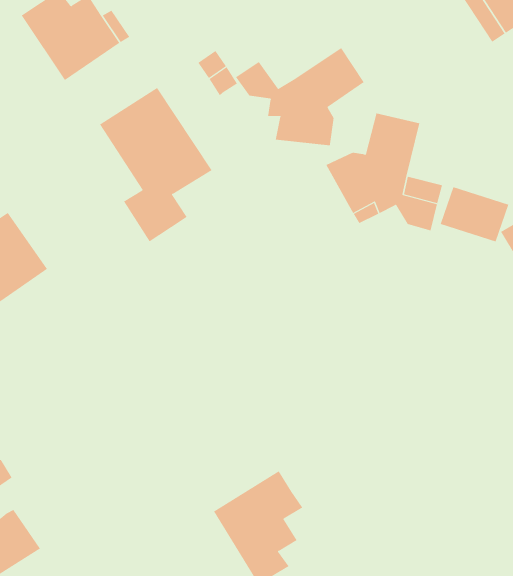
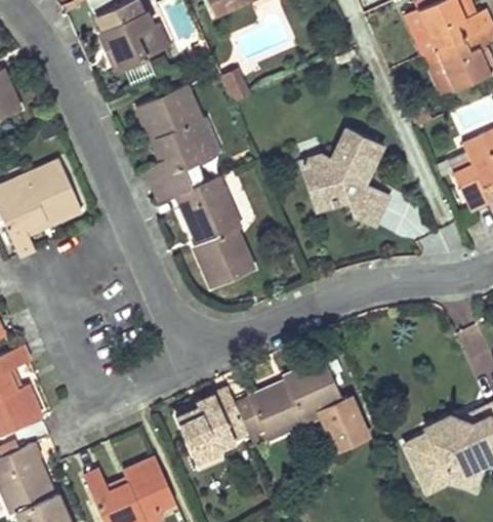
building: [235,47,365,146] -> none
building: none -> [179,180,254,287]
building: none -> [237,360,367,457]

